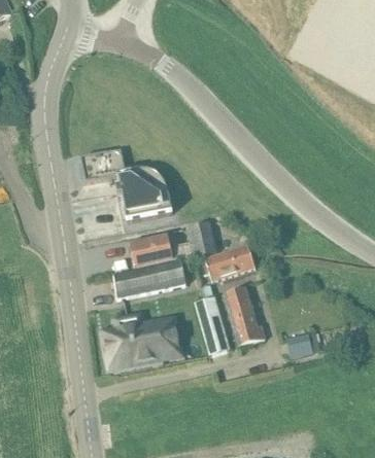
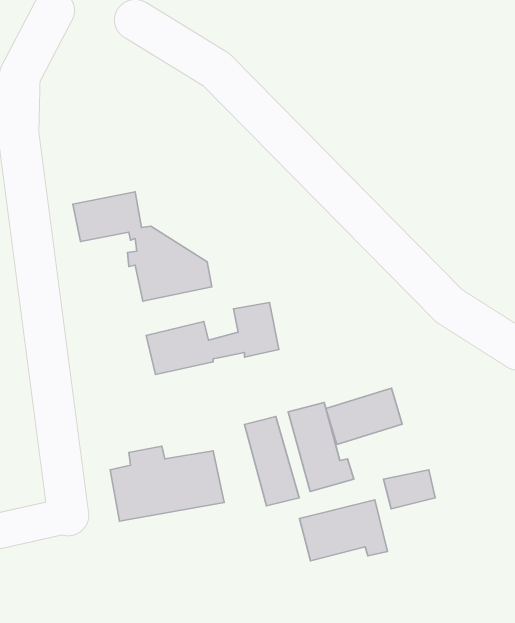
building: [204,243,254,280] -> [326,388,402,444]
building: [113,258,185,297] -> none
building: none -> [300,500,387,561]

